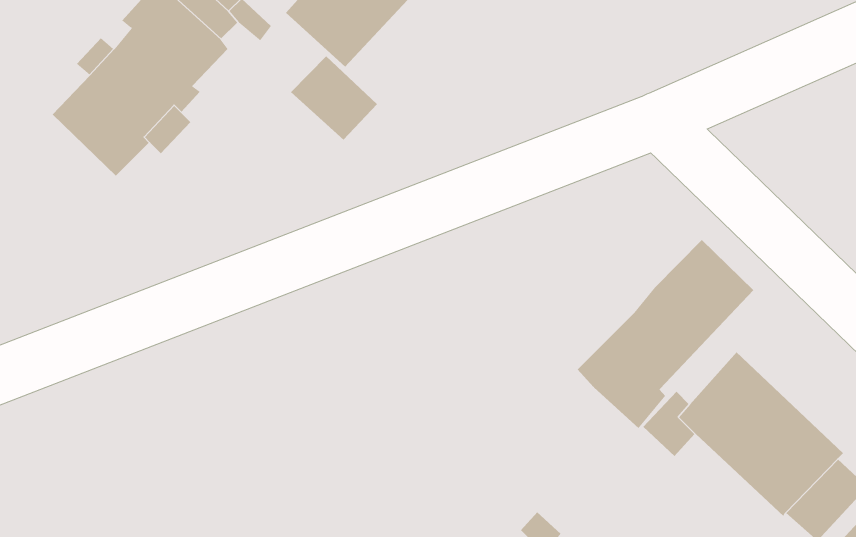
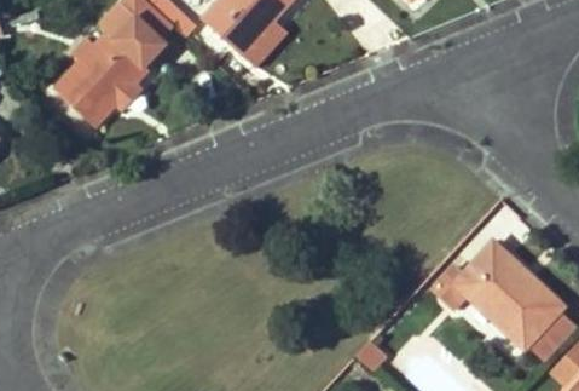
building: [290,55,378,141] -> none
building: [577,239,754,429] -> none

